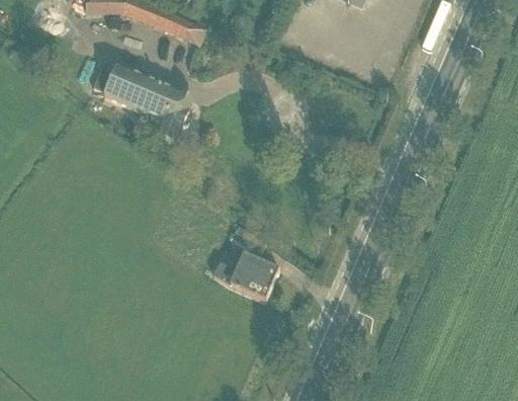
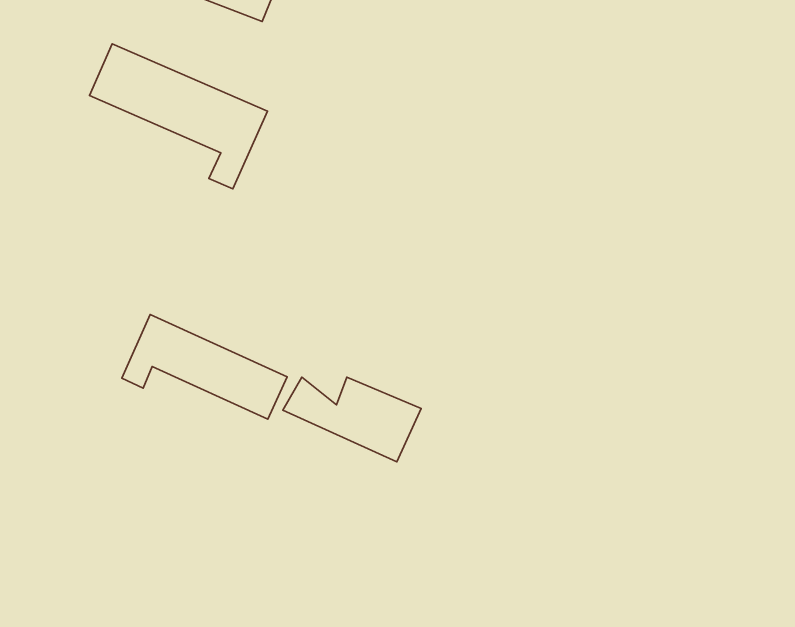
building: none -> [122,314,287,419]

